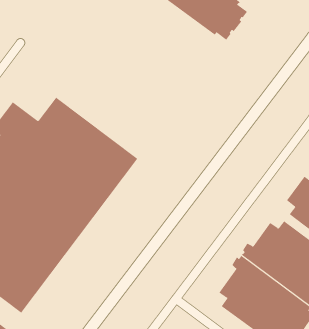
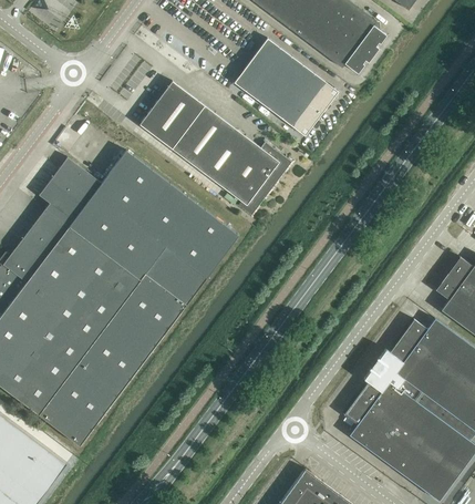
building: none -> [235,39,339,136]
building: none -> [140,81,291,215]

